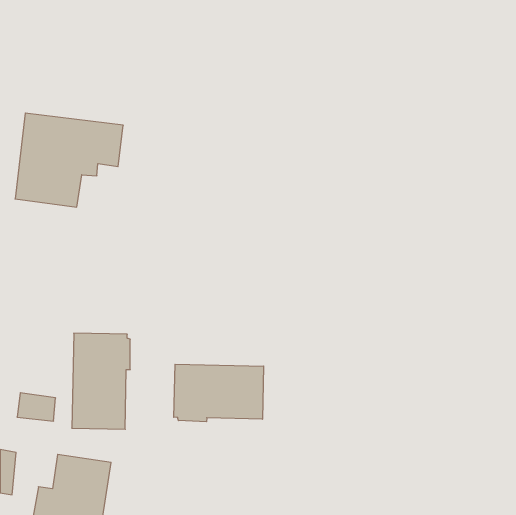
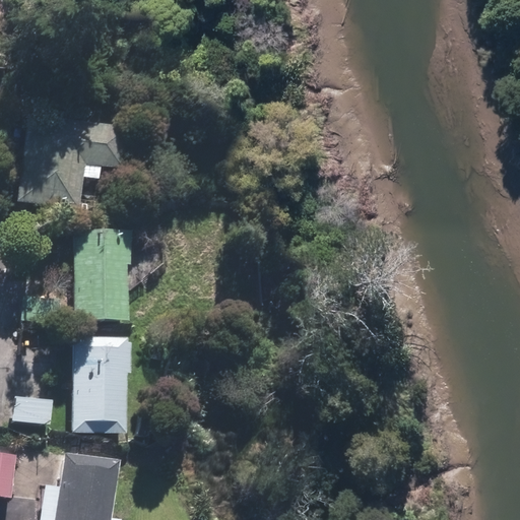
building: none -> [76,229,134,320]
building: [174,364,264,422] -> none

